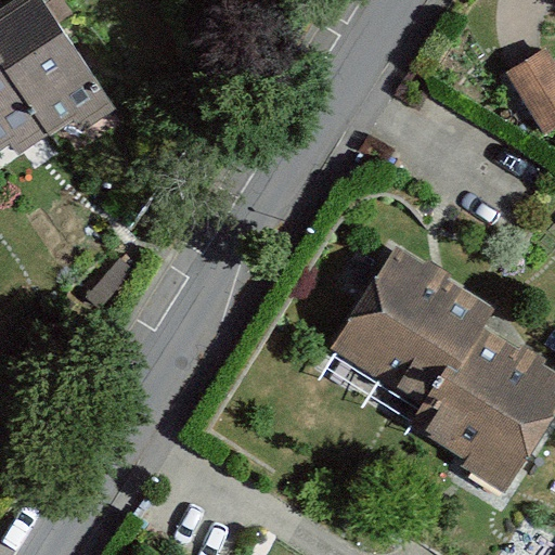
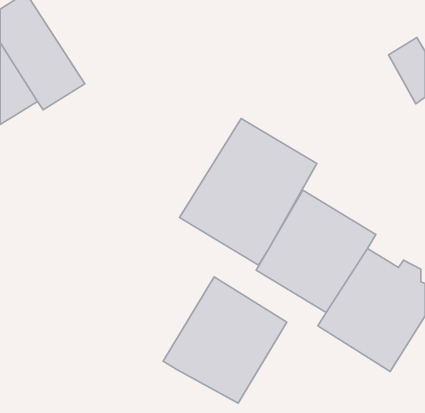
building: none -> [180,118,317,265]
building: none -> [163,277,287,403]

